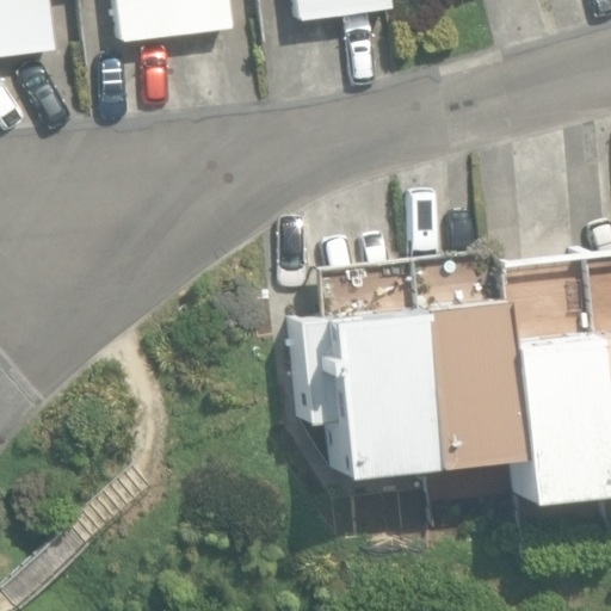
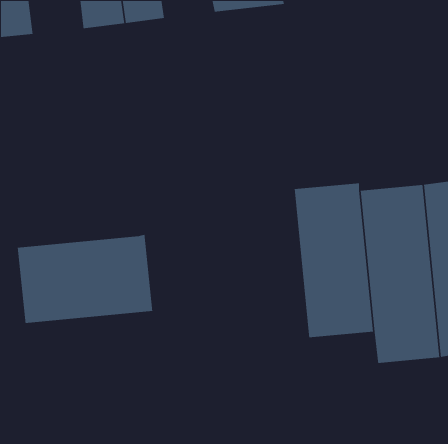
building: [288,264,421,476] -> none
building: none -> [17,234,153,324]

